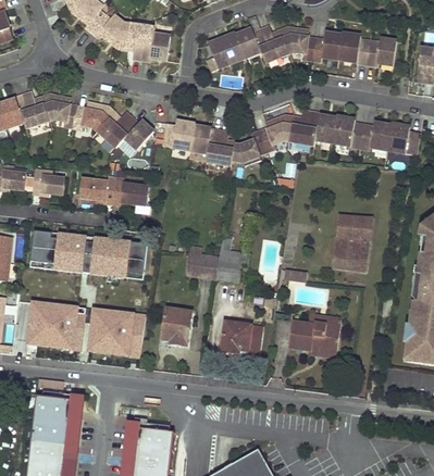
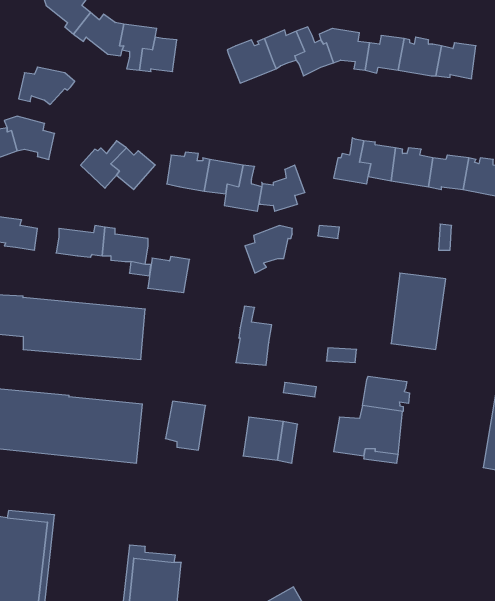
building: [73,102,115,130] -> [19,67,75,104]
building: [259,115,295,151] -> [245,226,292,273]
building: [185,251,216,278] -> [148,257,190,293]
building: none -> [363,376,409,411]

